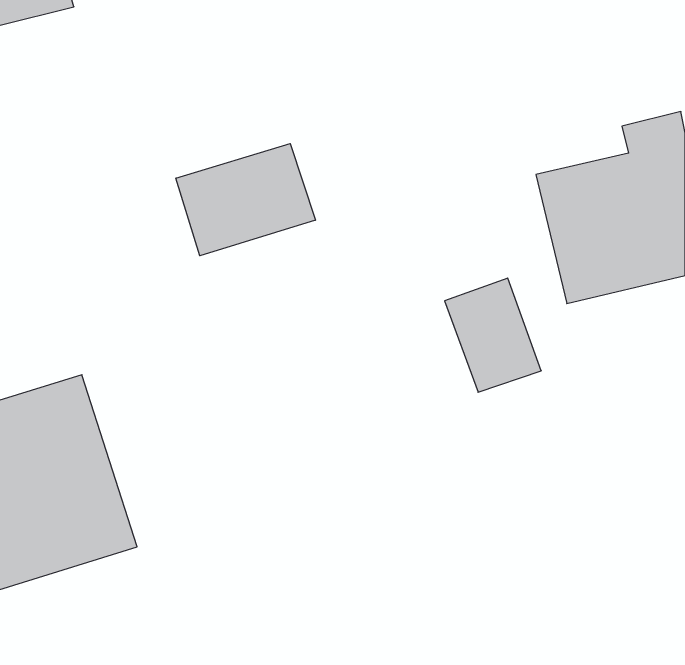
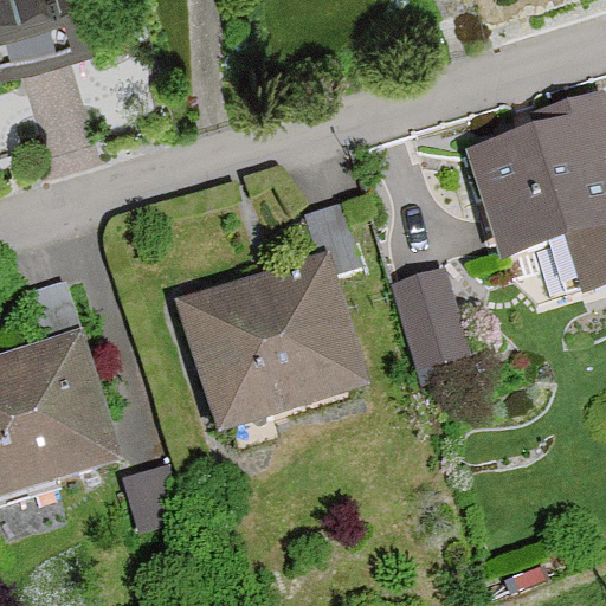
building: [176,144,315,256] -> none
building: none -> [179,254,369,440]

